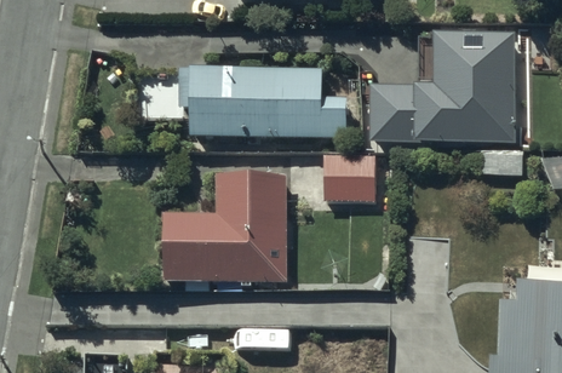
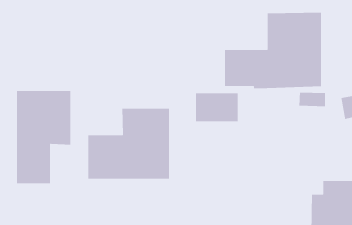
building: [182,63,345,132] -> none
building: none -> [16,90,71,184]

